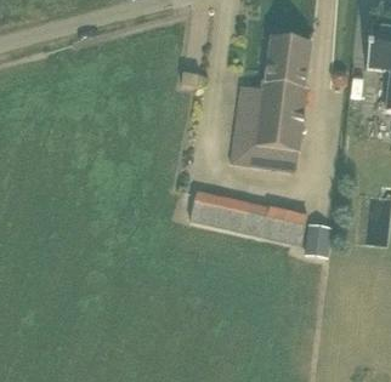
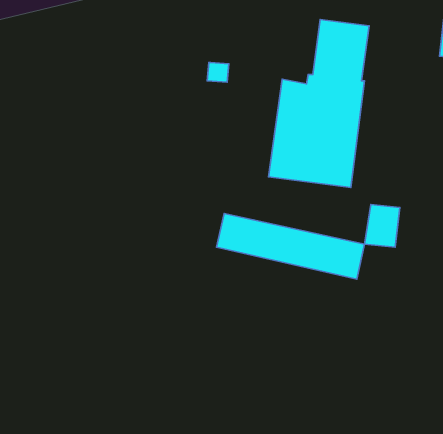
building: [302,222,330,256] -> [365,204,400,247]

